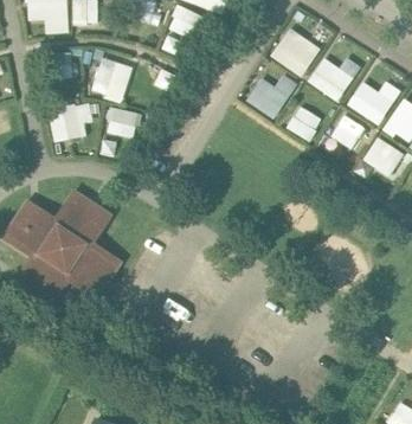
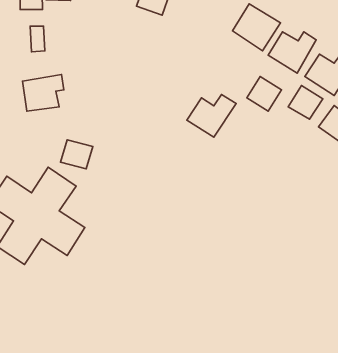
building: [90,56,133,101] -> none
building: [245,73,297,118] -> [187,95,236,137]
building: [104,107,139,137] -> [60,140,93,169]

